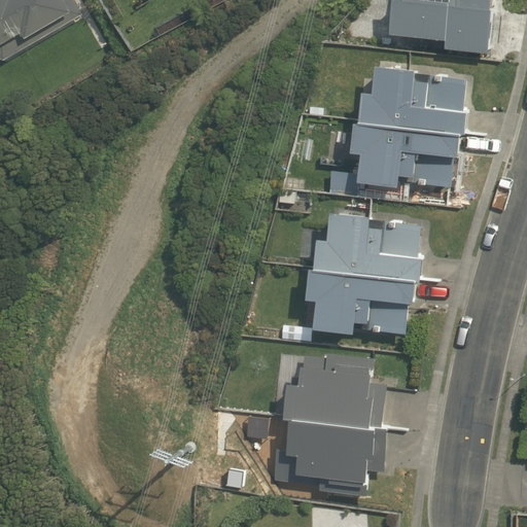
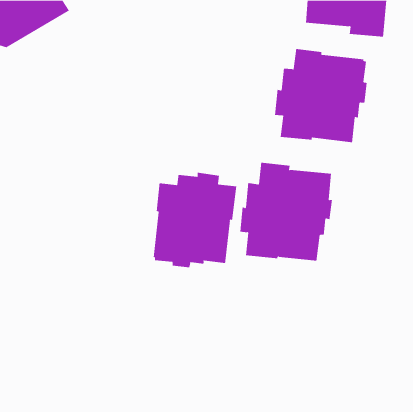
building: none -> [153,172,237,268]
building: [266,353,389,495] -> none

